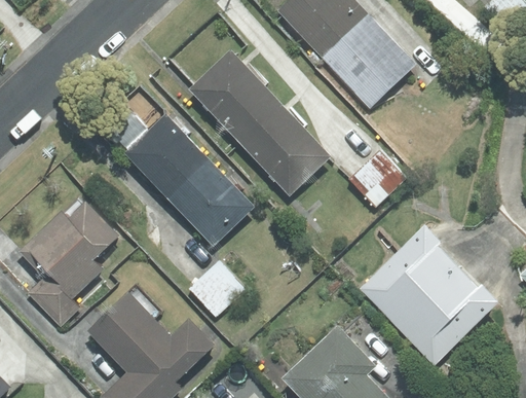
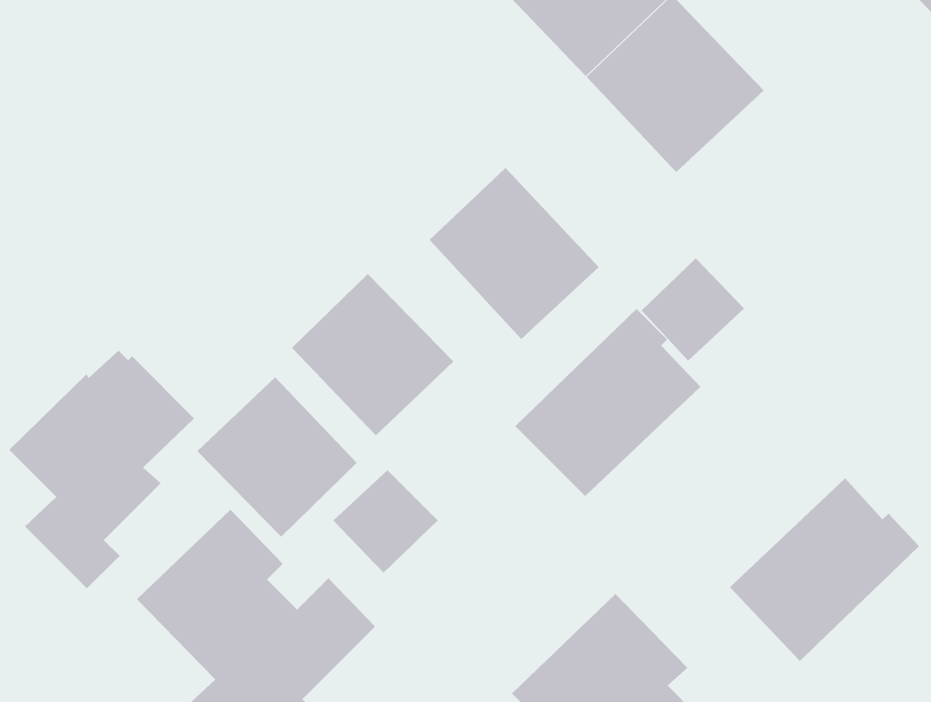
building: [188,50,279,142] -> none
building: [123,114,208,198] -> [197,376,358,538]
building: [360,225,457,324] -> [515,308,701,497]

